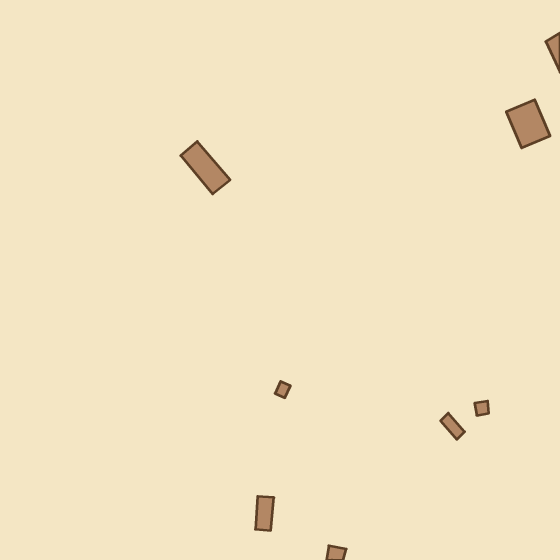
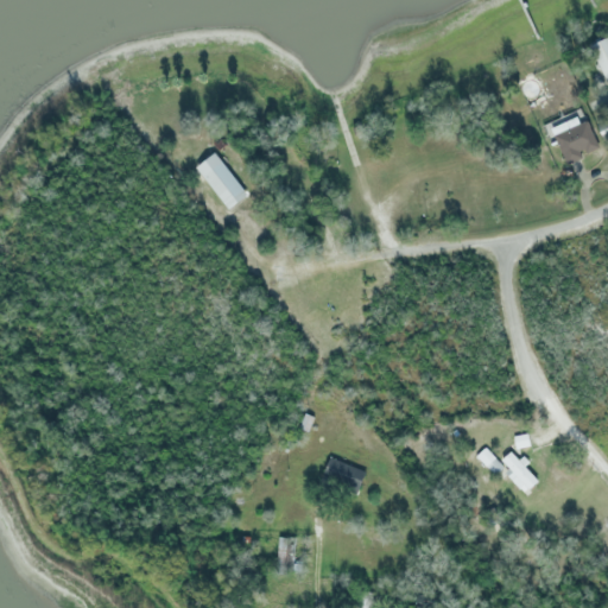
building: none -> [501,452,540,495]
building: none -> [321,458,366,496]

